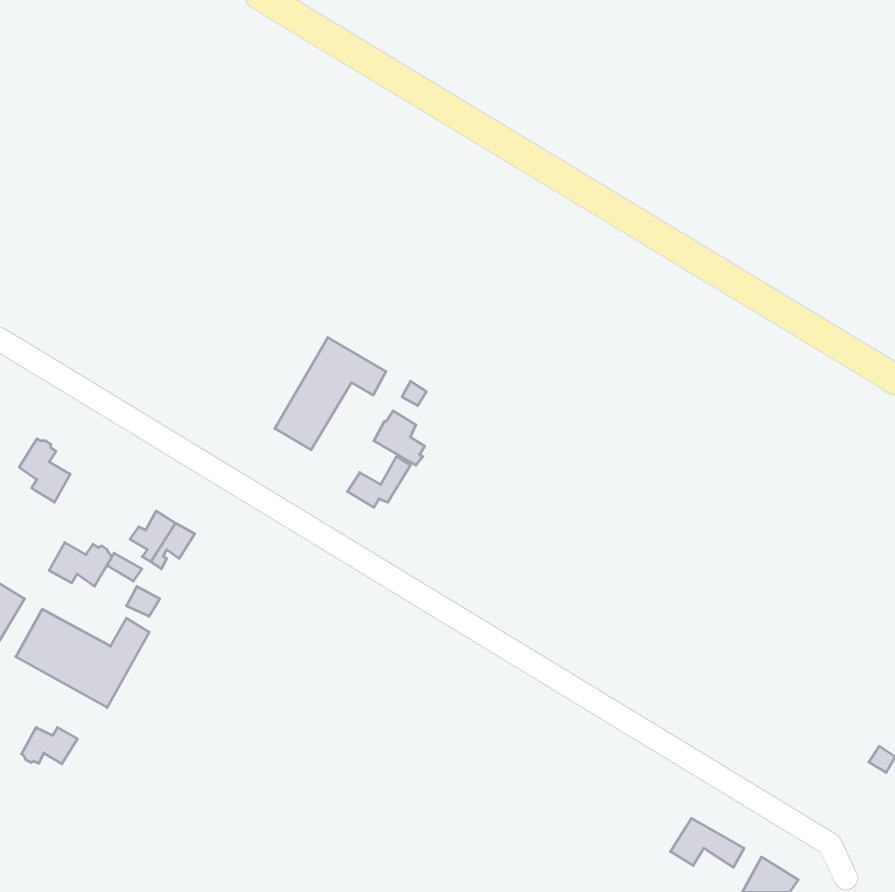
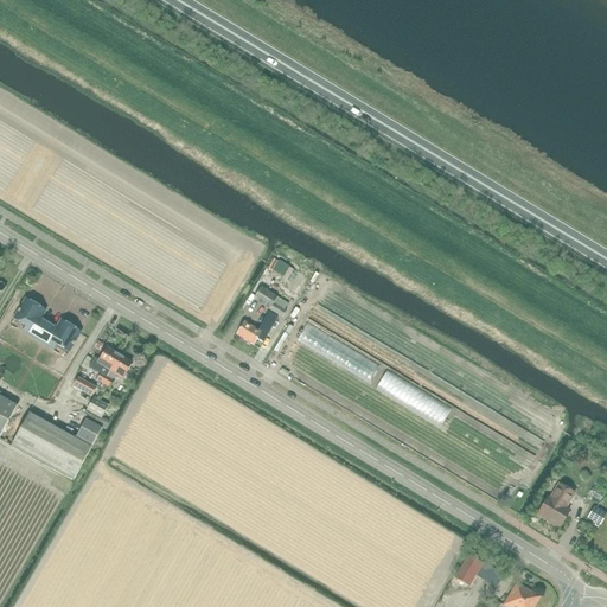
building: [275,337,386,450] -> none
building: [49,542,112,586] -> [37,320,79,350]
building: none -> [537,481,574,524]
building: [21,727,77,764] -> none

